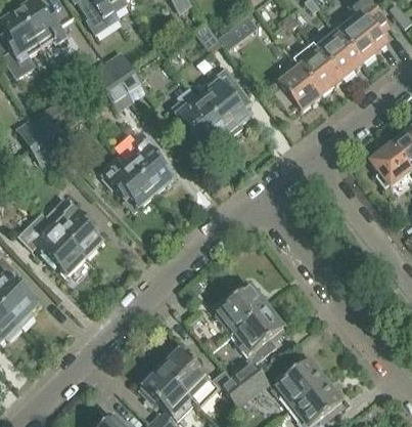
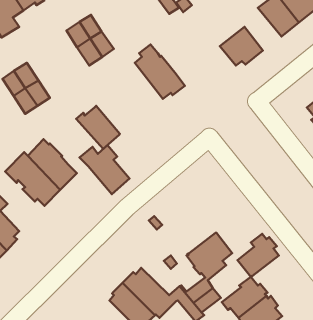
building: [292,42,341,94] -> none
building: [197,69,251,135] -> none
building: [116,134,174,191] -> [79,145,129,194]
building: [217,282,265,332] -> [238,234,279,277]

